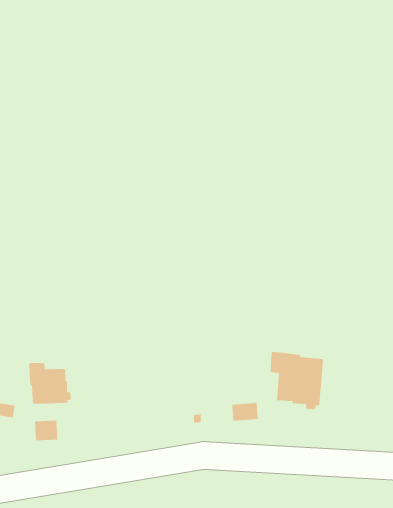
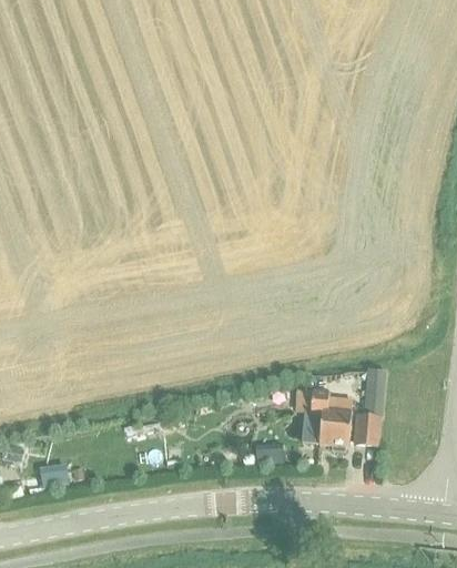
building: none -> [354,369,385,445]
building: [29,362,71,405] -> none

